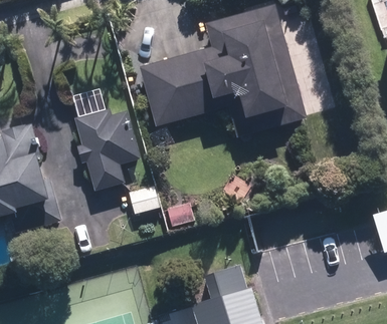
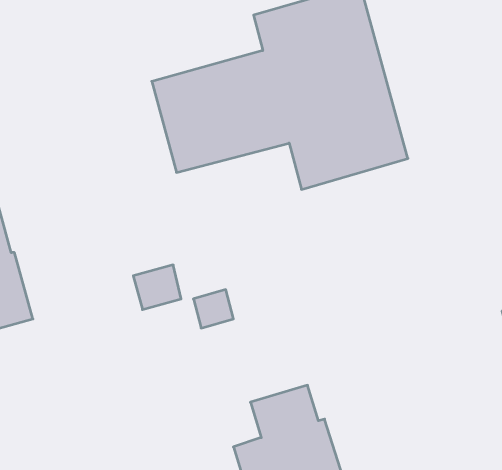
building: [73,103,140,191] -> none

